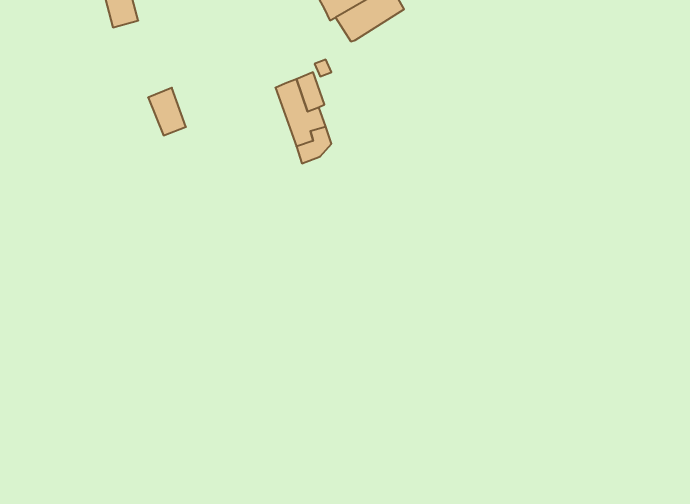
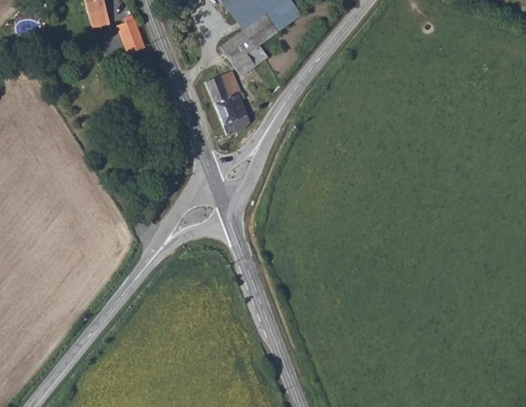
building: none -> [226,24,263,56]
building: [148,88,186,135] -> [113,21,141,56]

